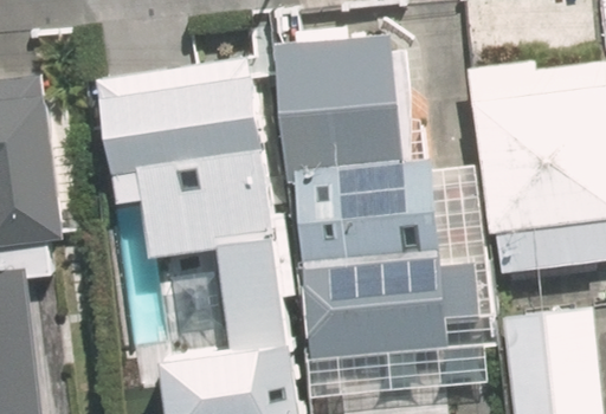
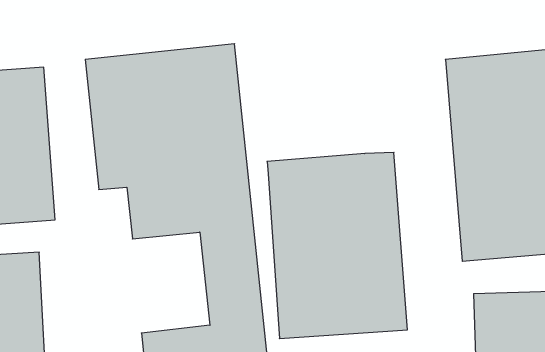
building: [270,39,395,192] -> none

